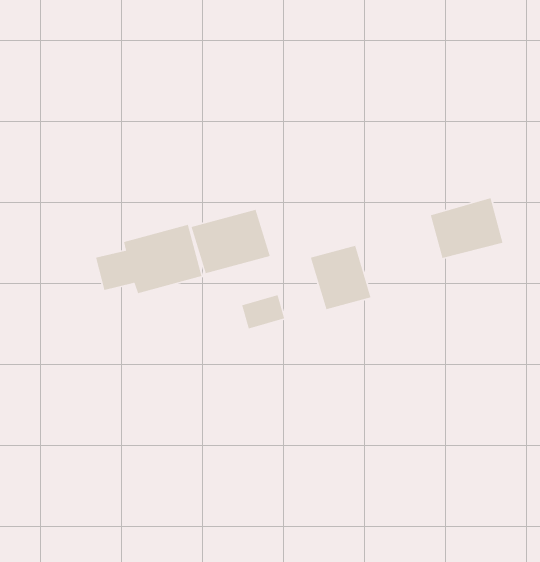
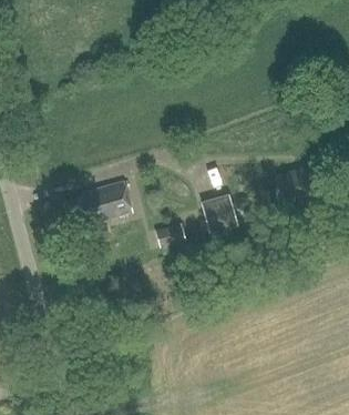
building: [190,209,271,274] -> none

